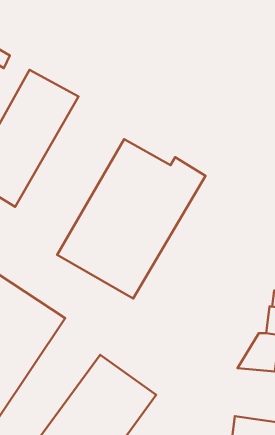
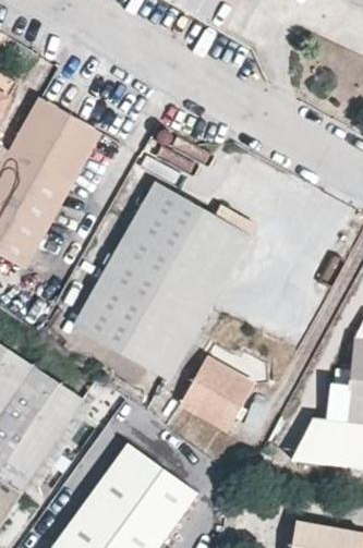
building: none -> [178,355,252,429]

